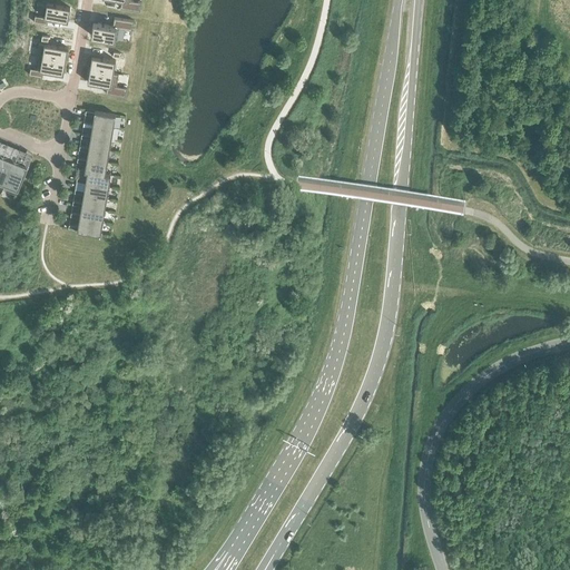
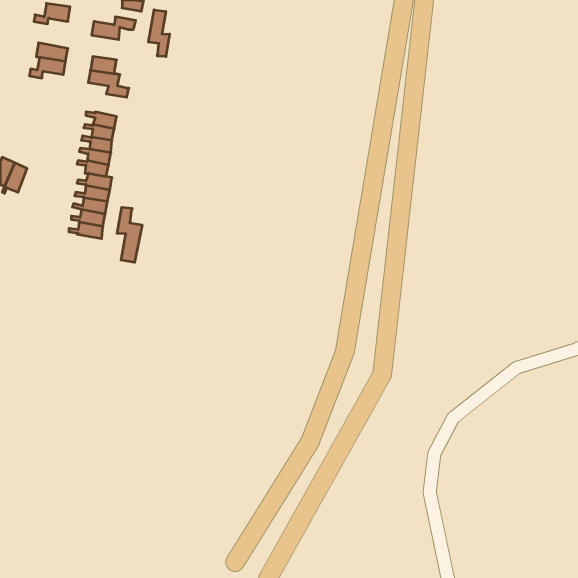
building: none -> [148,10,170,57]
building: none -> [117,207,142,262]

